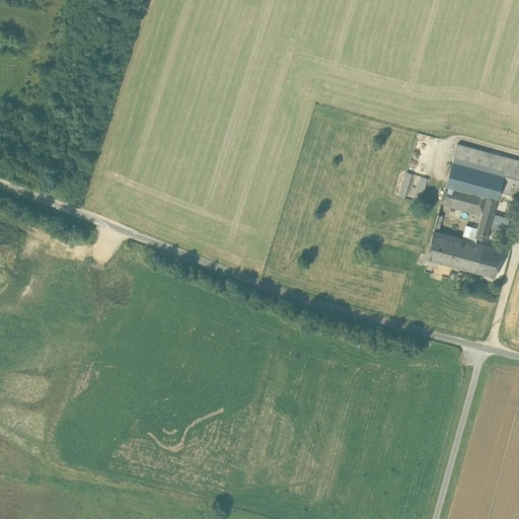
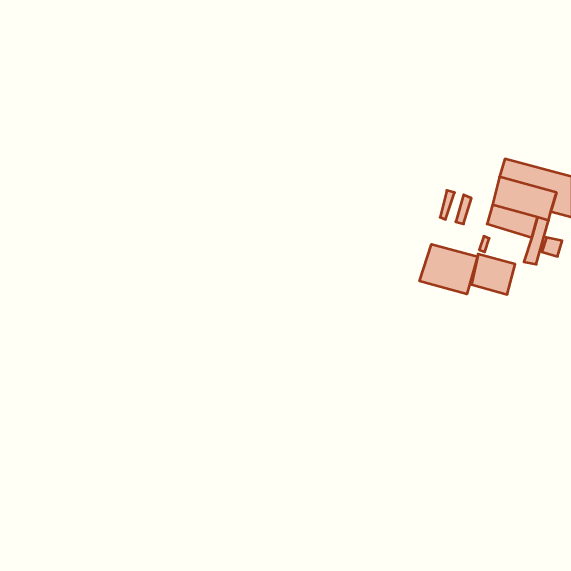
building: none -> [420,244,478,294]
building: [460,240,503,278] -> none

